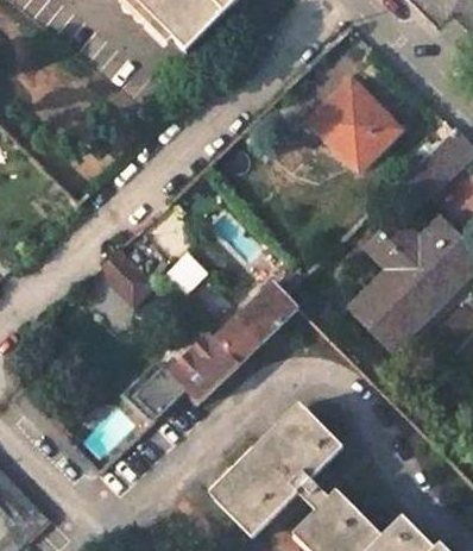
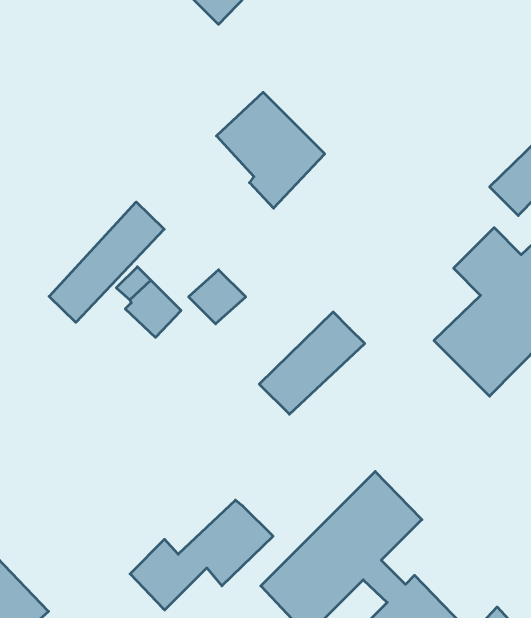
building: [314,80,399,171] -> [216,92,325,208]
building: none -> [49,202,164,322]
building: [124,334,237,421] -> [130,500,273,610]

